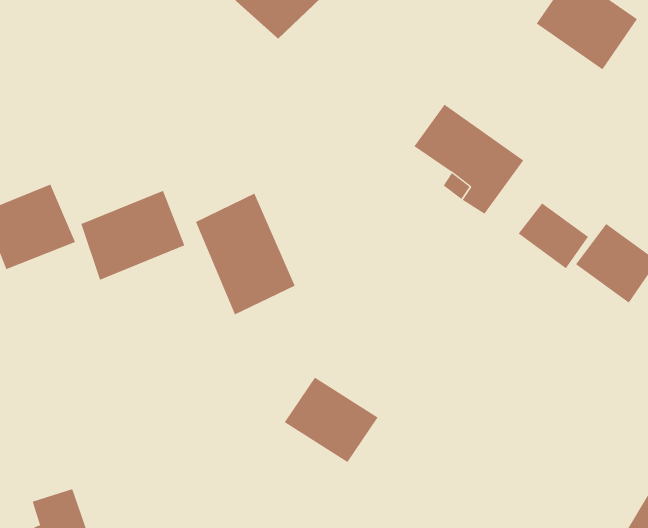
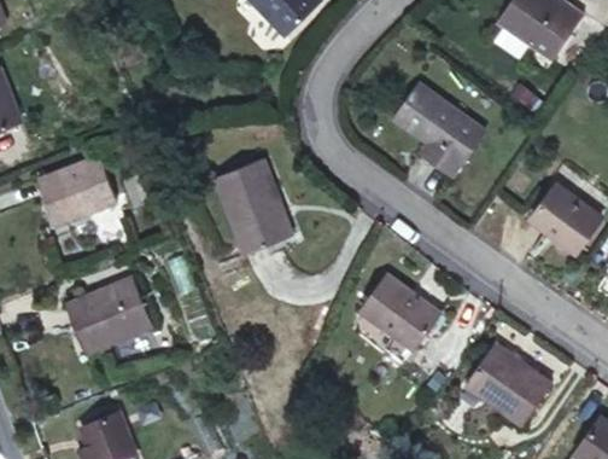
building: [80,190,185,281] -> [65,266,152,341]
building: [518,202,589,269] -> none
building: [284,377,379,463] -> [362,284,440,355]
building: none -> [462,333,548,414]

